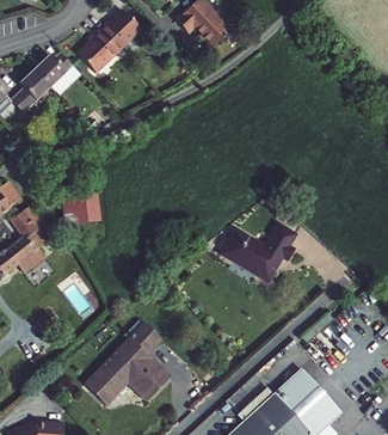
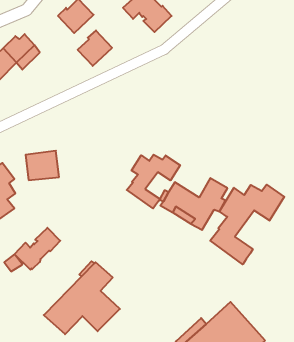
building: [76,30,117,72] -> [78,30,112,66]
building: none -> [127,155,180,208]
building: none -> [210,185,284,264]
building: none -> [14,228,60,270]

